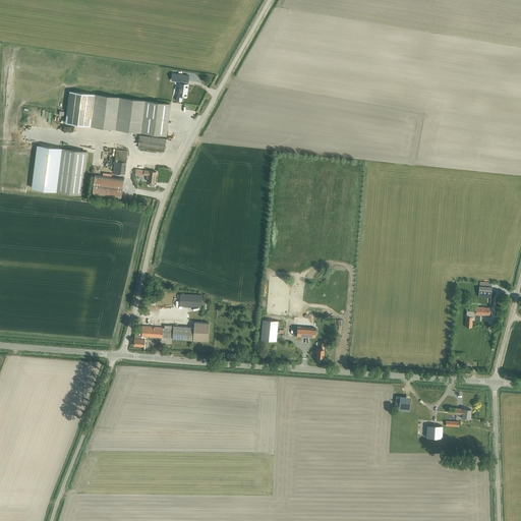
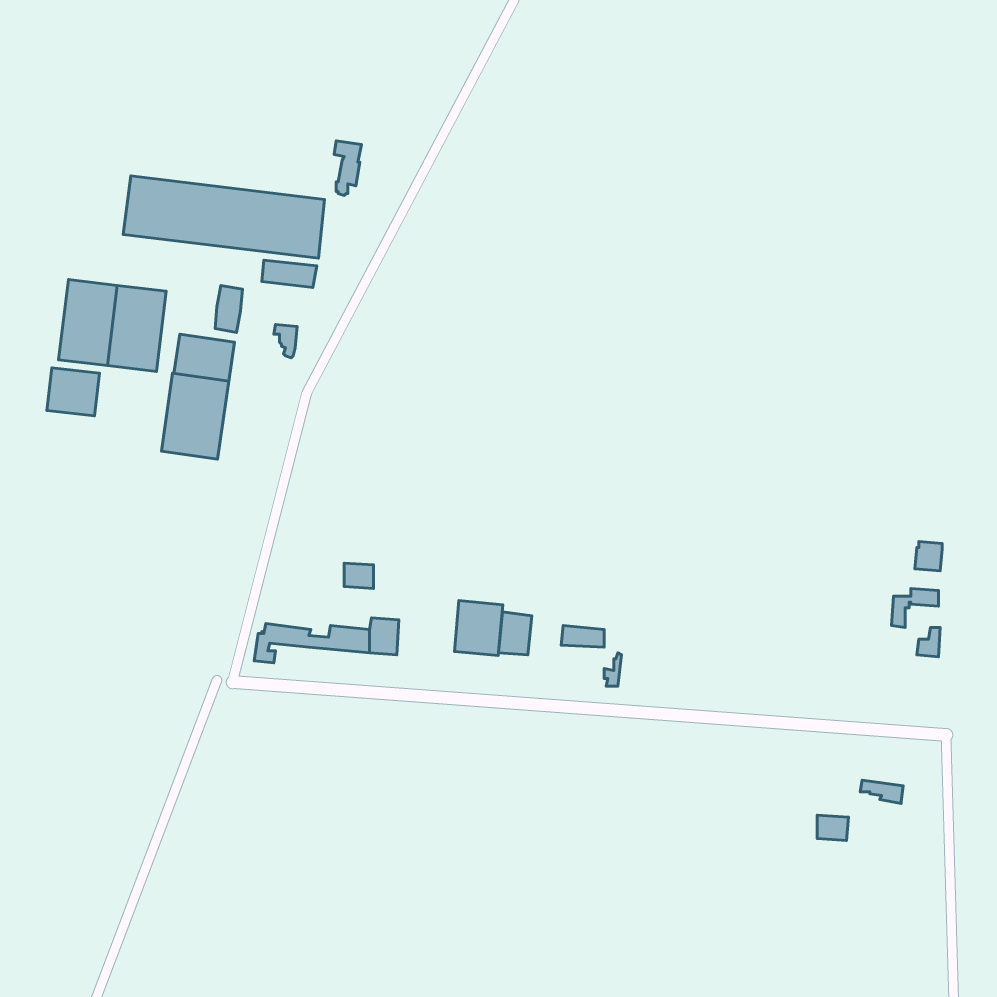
building: none -> [47,368,100,416]
building: none -> [162,373,229,459]
building: none -> [454,601,503,656]

